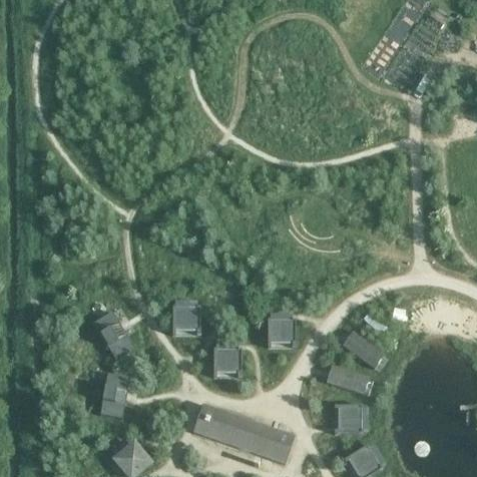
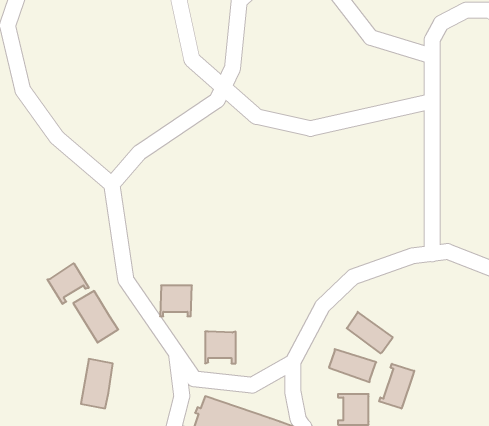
building: none -> [47,263,89,304]
building: [267,319,295,347] -> none
building: none -> [379,364,414,409]

